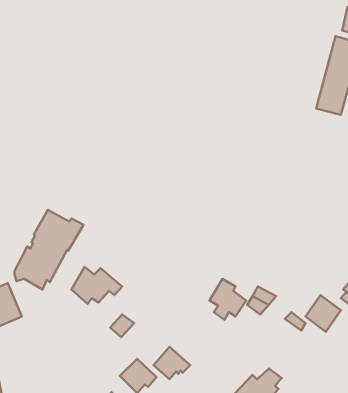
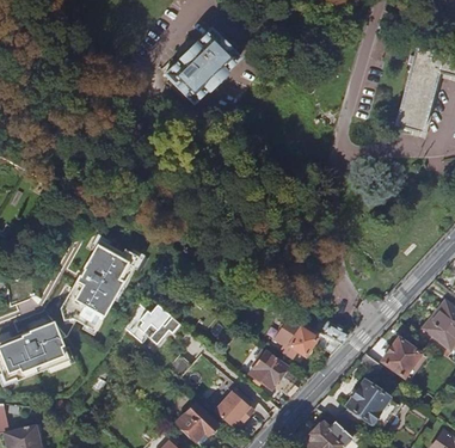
building: none -> [165,29,239,104]
building: none -> [250,351,300,399]
building: none -> [342,380,389,425]

